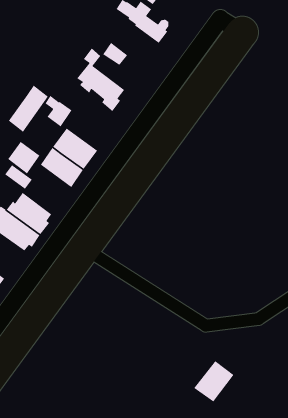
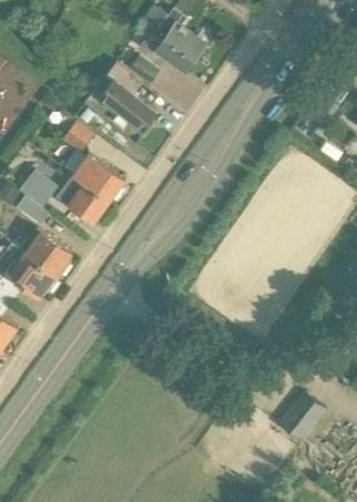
building: none -> [139,29,194,73]
building: [8,85,49,133] -> none
building: [193,360,234,403] -> [277,392,325,441]

